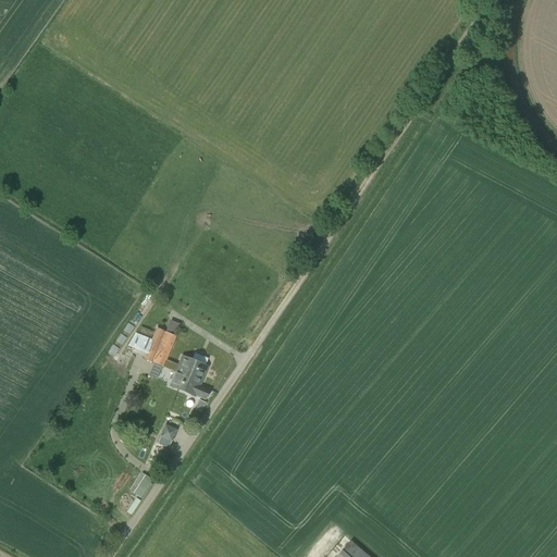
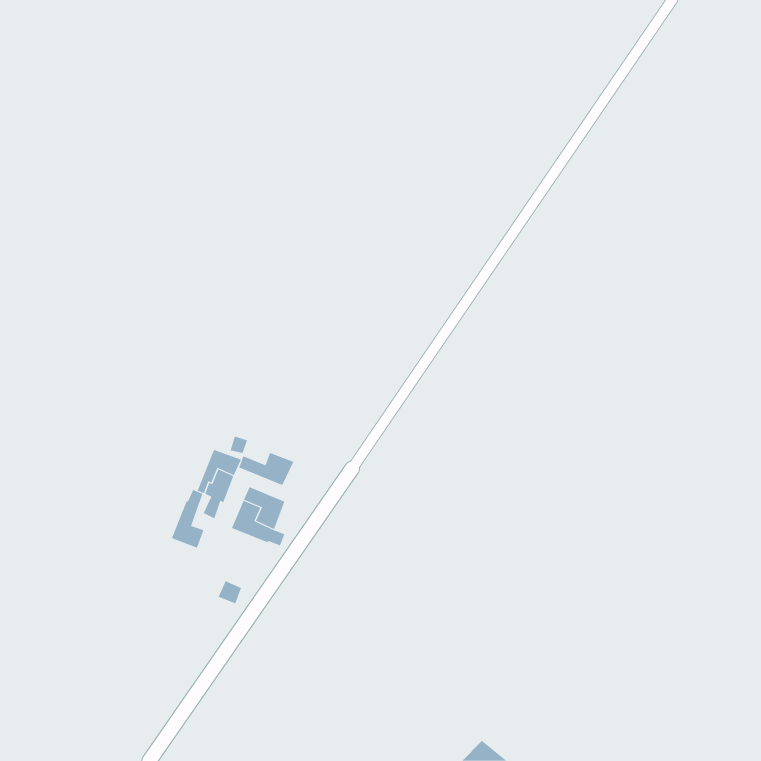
building: none -> [239,452,294,486]
building: none -> [171,489,204,549]

